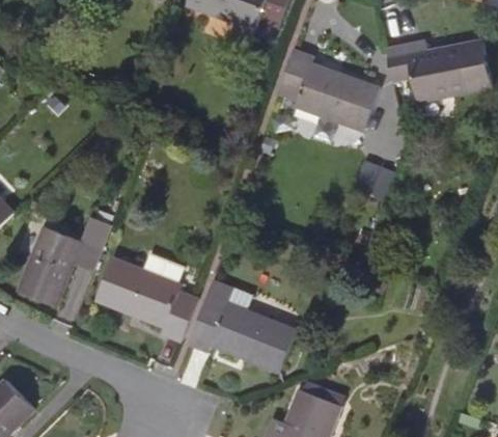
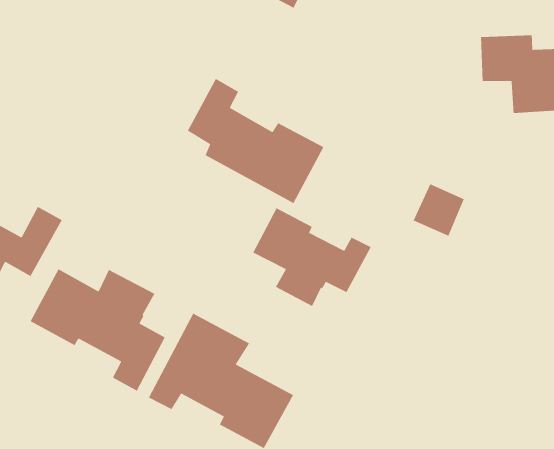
building: [279,50,380,132] -> [187,78,325,204]
building: none -> [252,207,372,307]

